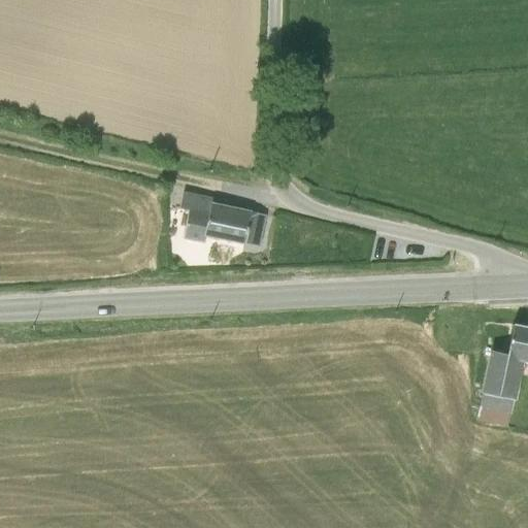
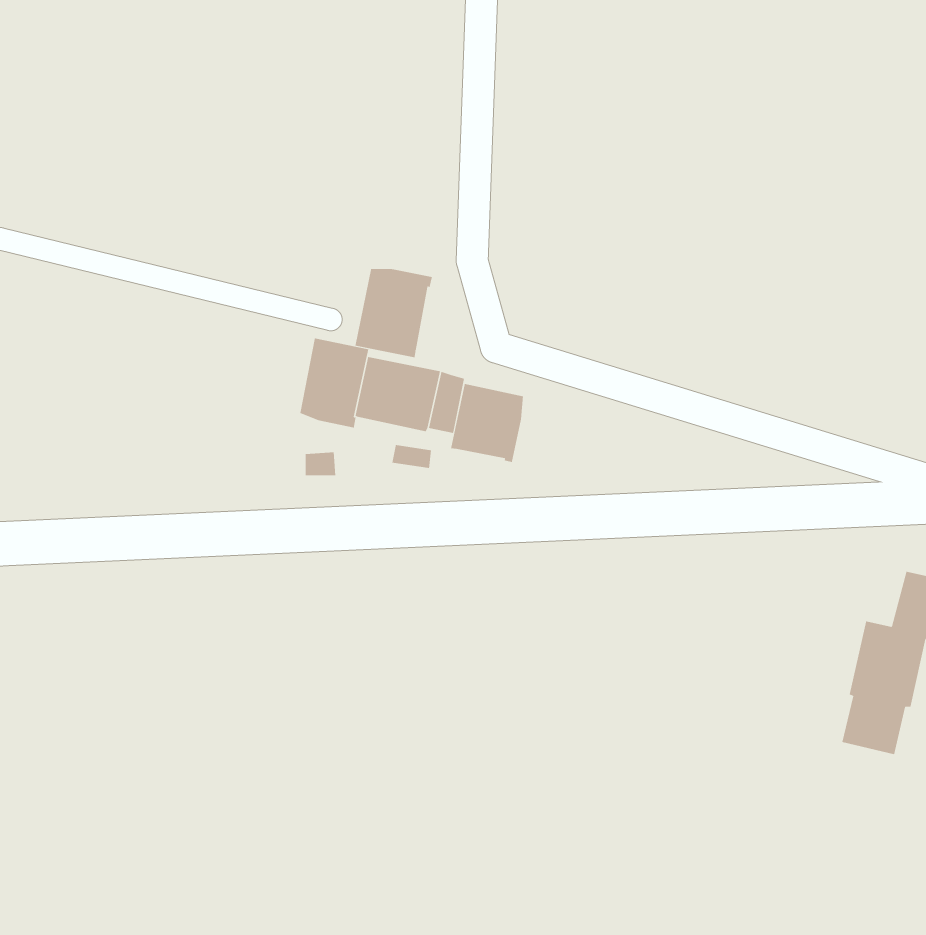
building: none -> [355,268,432,358]
building: none -> [451,383,524,463]

